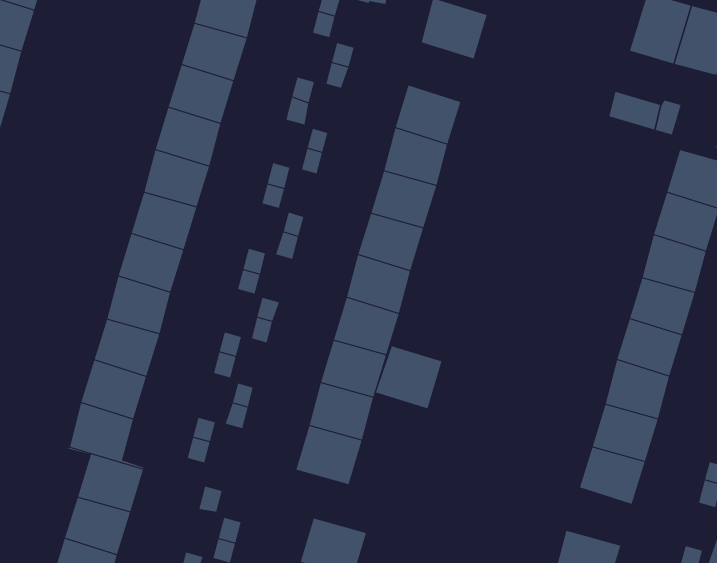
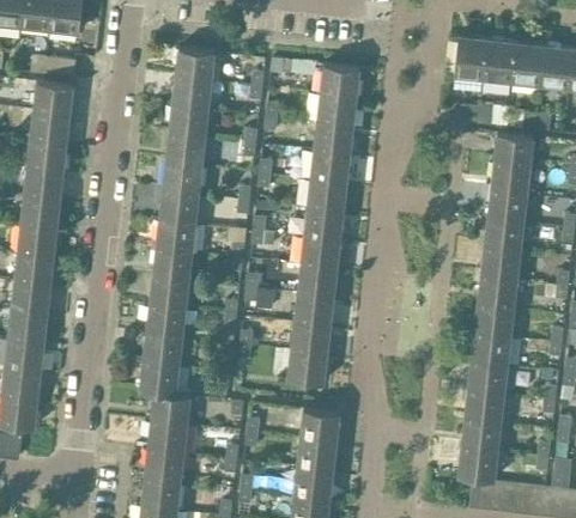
building: none -> [316,93,356,127]
building: [375,346,442,409] -> none
building: none -> [467,360,507,392]

